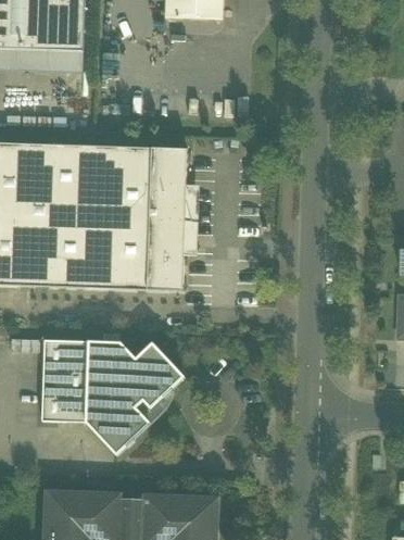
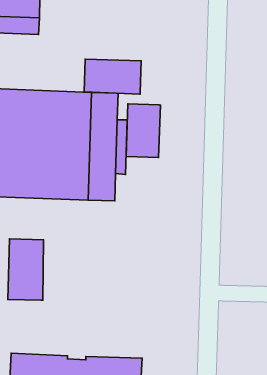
building: none -> [84,59,141,94]
building: none -> [126,104,161,158]
building: [86,341,184,454] -> none

